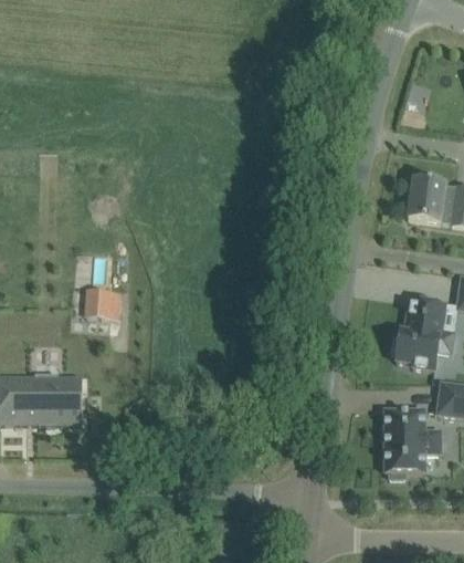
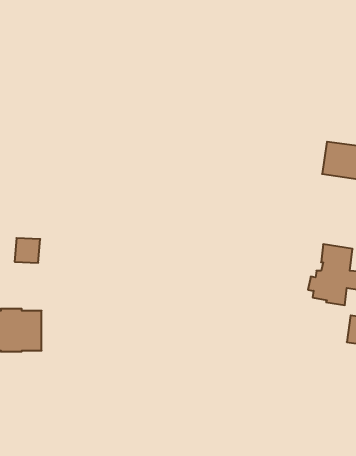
building: [85,289,115,317] -> [15,238,40,263]
building: [384,410,441,479] -> none

